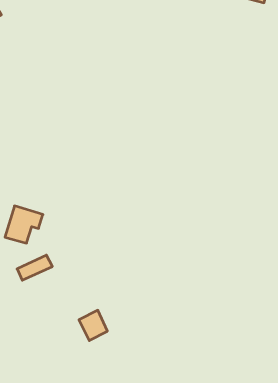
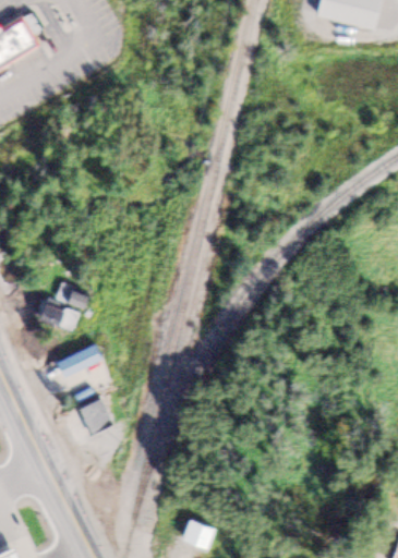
building: [79,310,107,341] -> [77,397,113,435]

